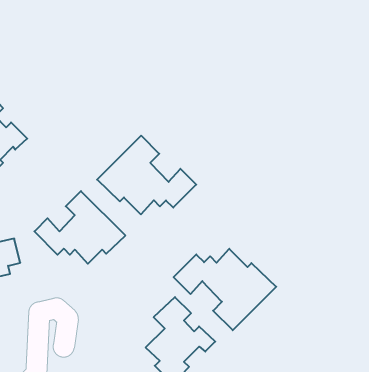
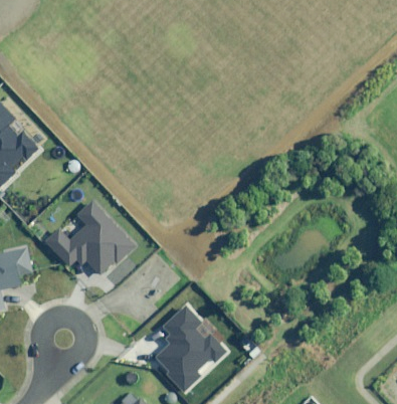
building: [97,136,196,214] -> none
building: [174,249,276,330] -> none

